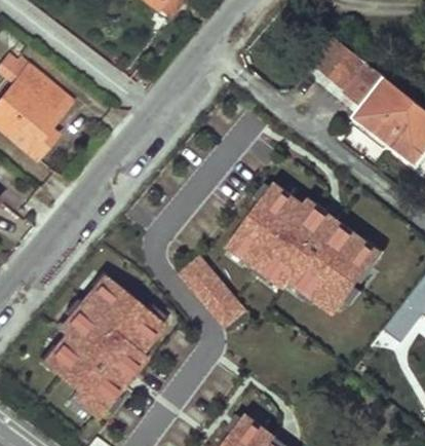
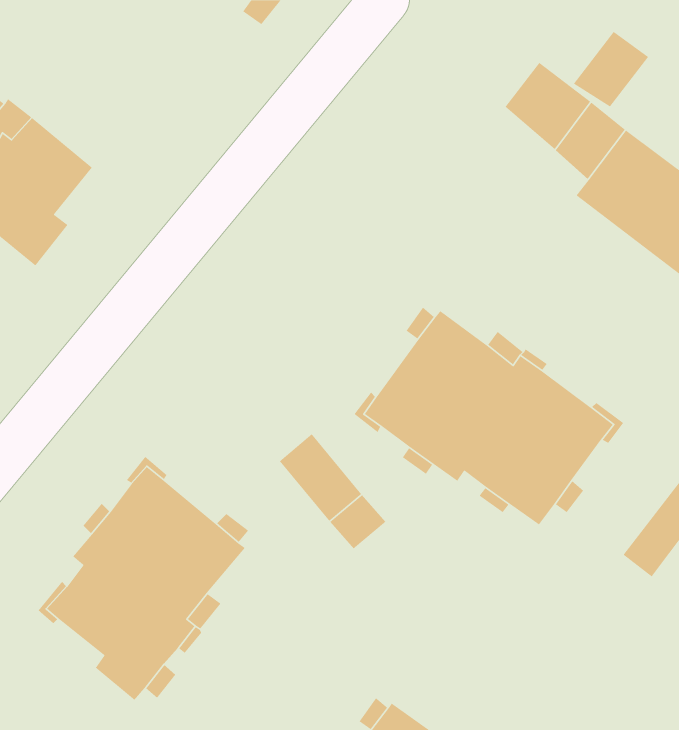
building: none -> [573,31,649,107]

